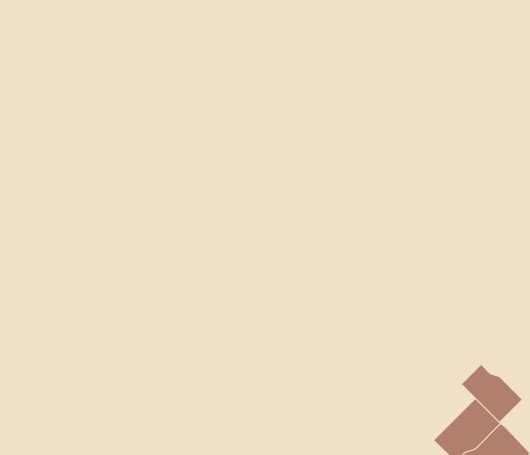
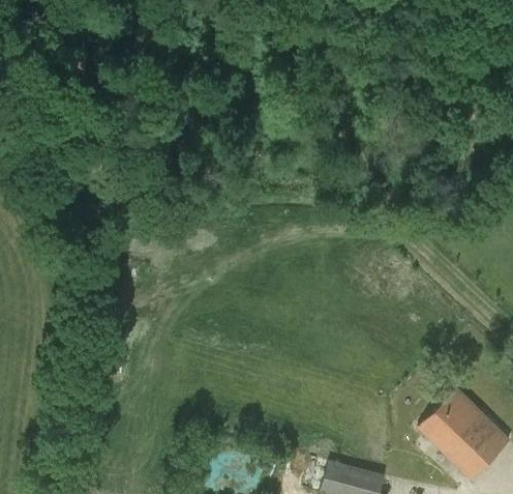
building: [461,364,523,423] -> none

